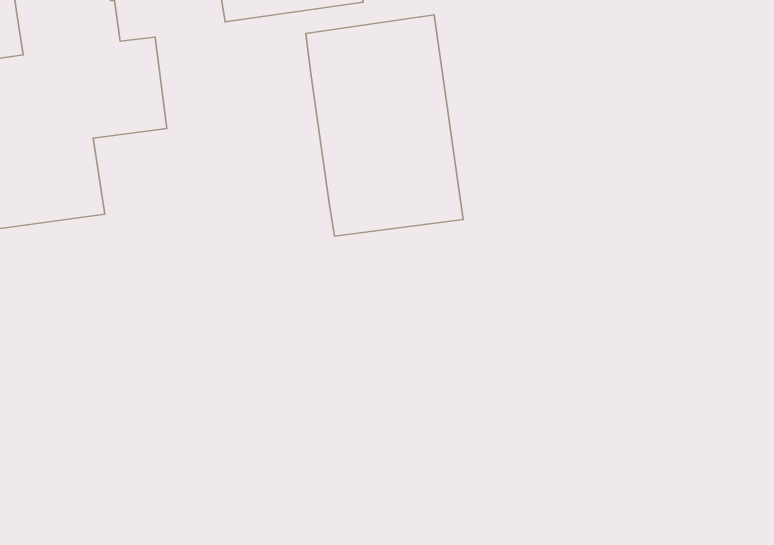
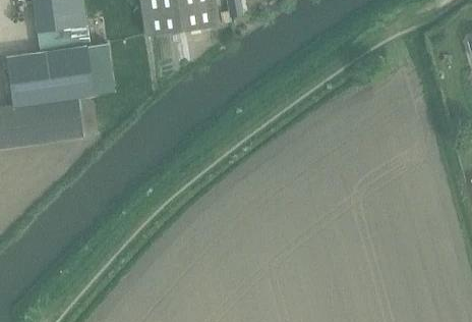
building: [306,15,463,236] -> none

